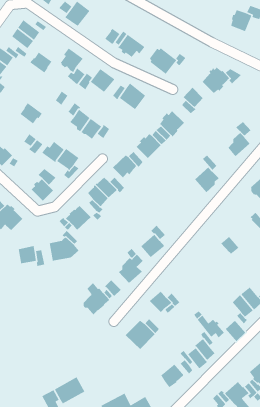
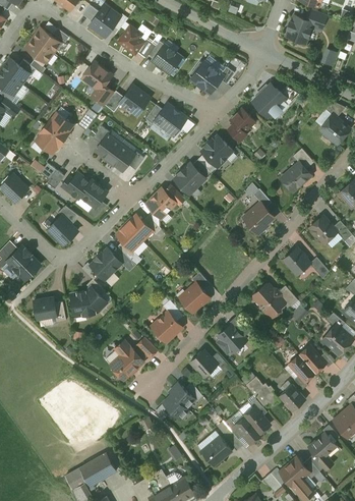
building: none -> [118,25,143,54]
building: [29,51,52,74] -> [45,113,72,140]
building: none -> [283,248,311,275]
building: none -> [250,284,285,319]
building: none -> [218,324,244,352]

